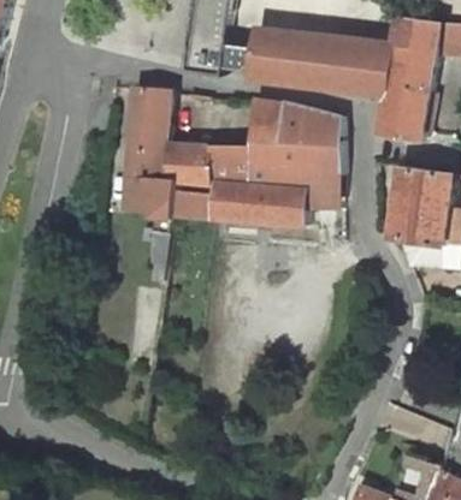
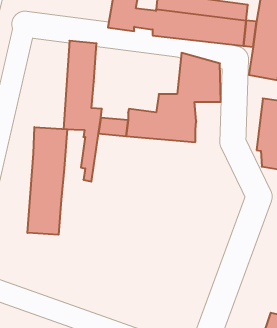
building: [160,101,284,185] -> none
building: [302,171,338,209] -> none
building: none -> [27,127,67,235]

